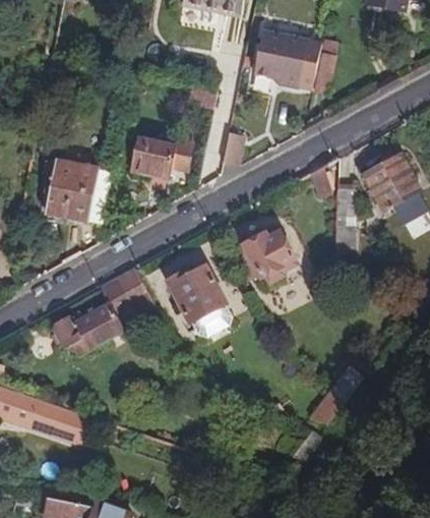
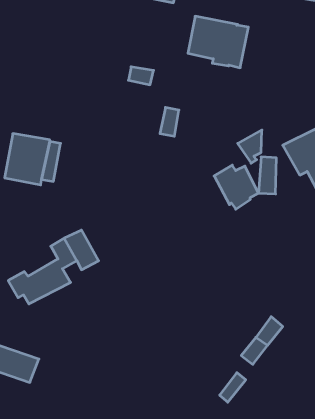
building: [130,137,191,177] -> none
building: [243,233,293,283] -> [214,165,258,209]
building: [167,266,228,339] -> none

